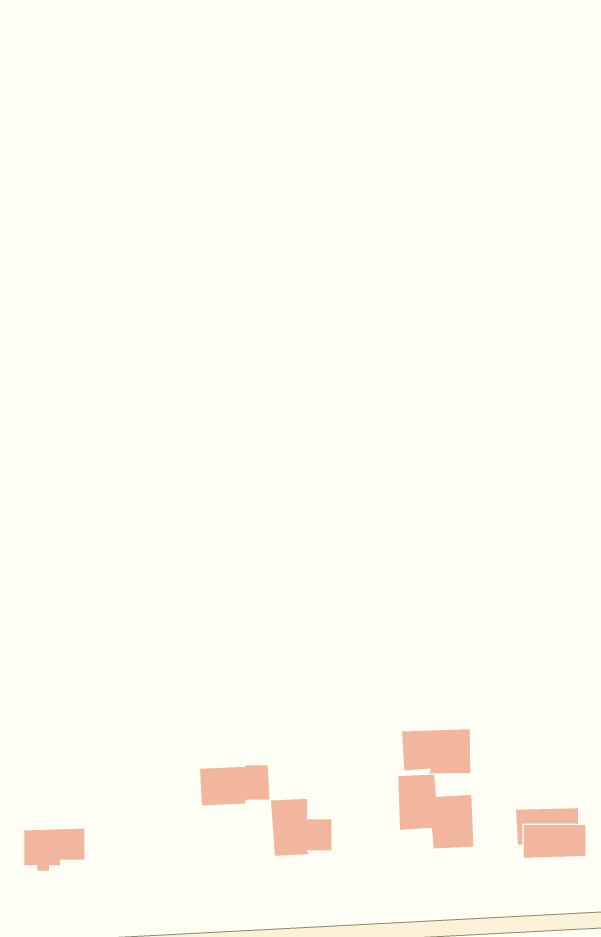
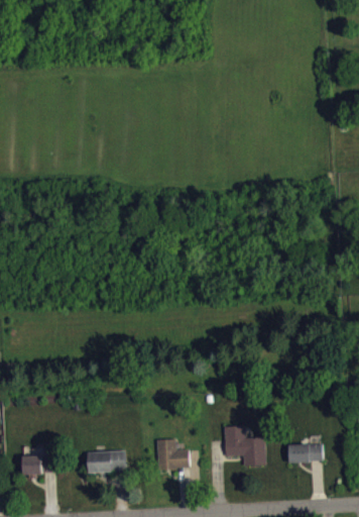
building: [402,728,471,774] -> none
building: [199,765,270,806] -> [88,450,126,473]

